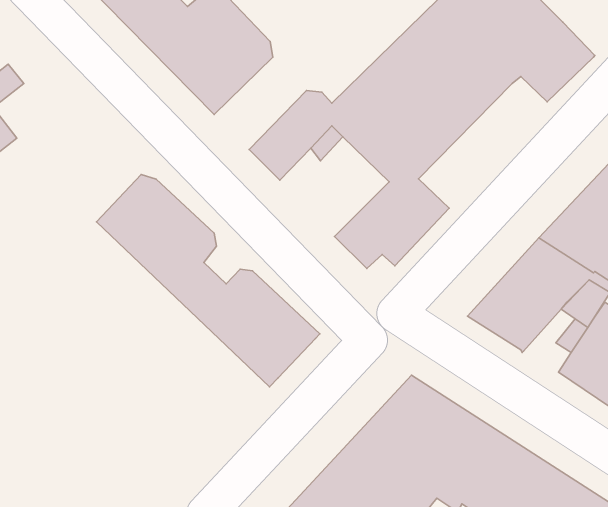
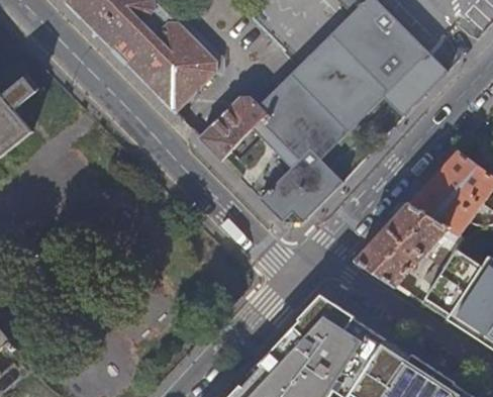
building: [96,174,320,387] -> none

